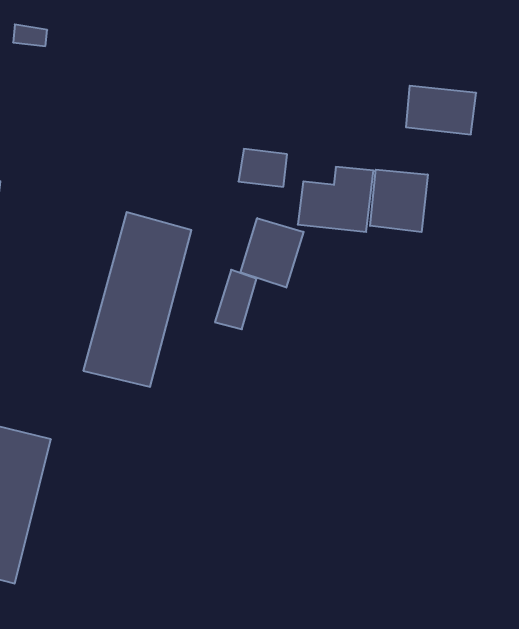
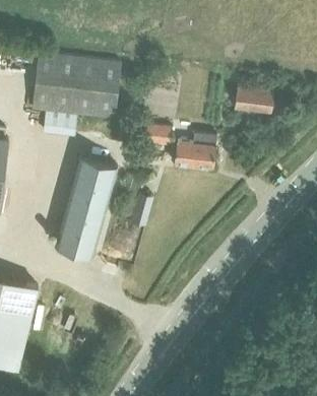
building: none -> [33,55,121,137]
building: [370,170,428,232] -> none
building: [241,218,304,288] -> none

